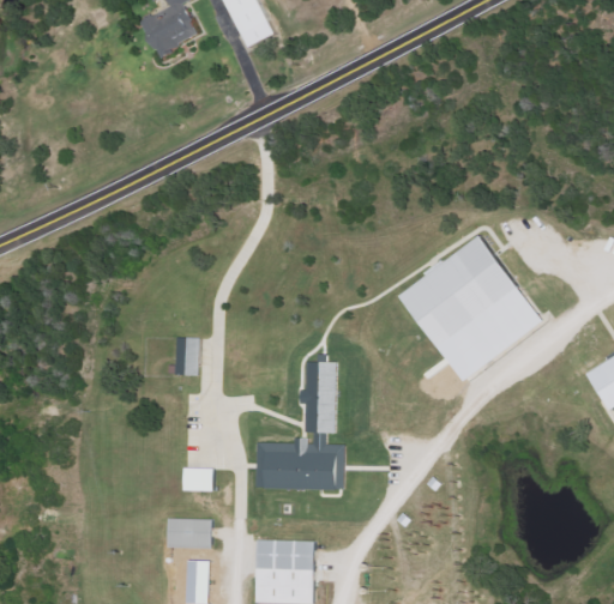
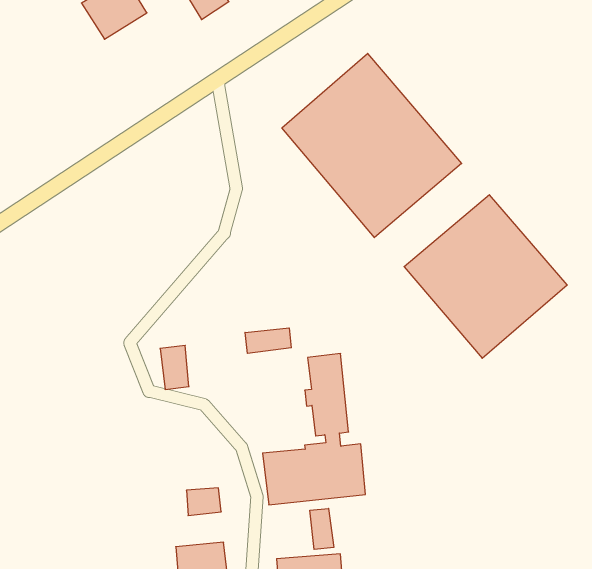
building: none -> [282,53,462,238]
building: none -> [245,328,291,353]
building: none -> [310,508,334,549]

